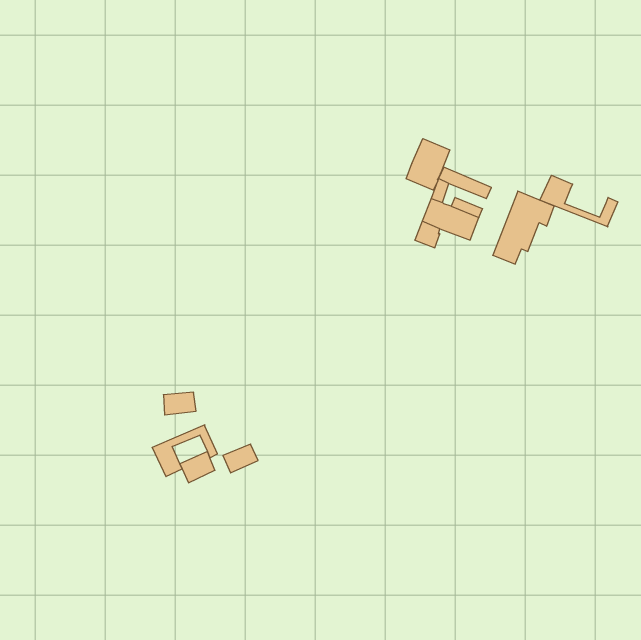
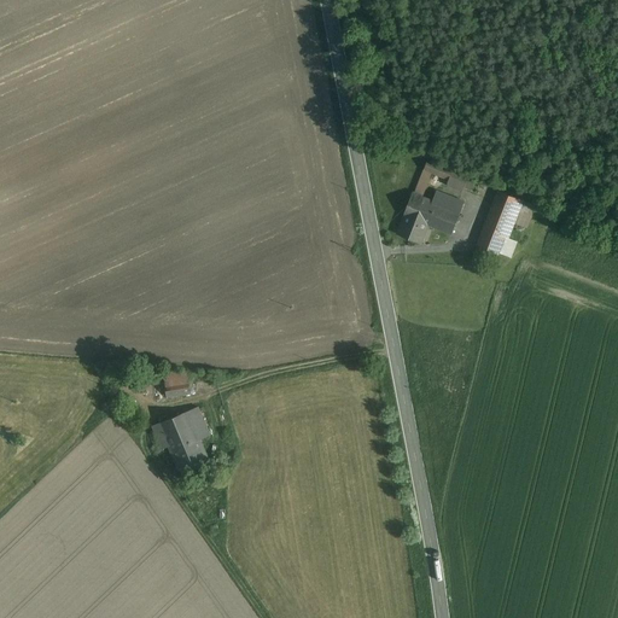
building: [406,139,450,190] -> none
building: [540,175,618,227] -> none
building: [223,444,258,473] -> [167,418,200,445]

